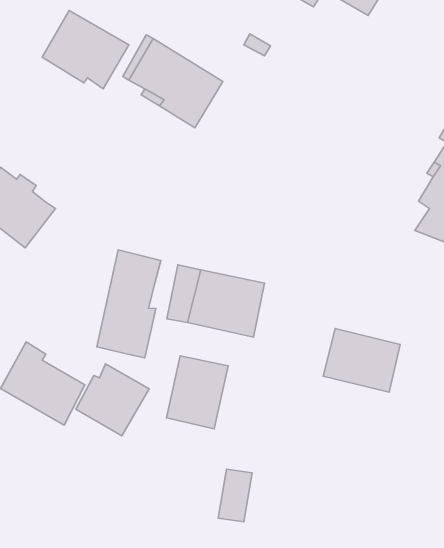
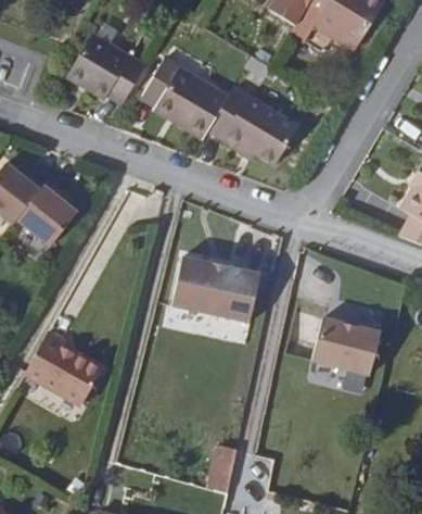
building: none -> [205,86,293,163]
building: [97,250,161,358] -> none
building: [167,356,228,429] -> none
building: [76,364,149,436] -> none

